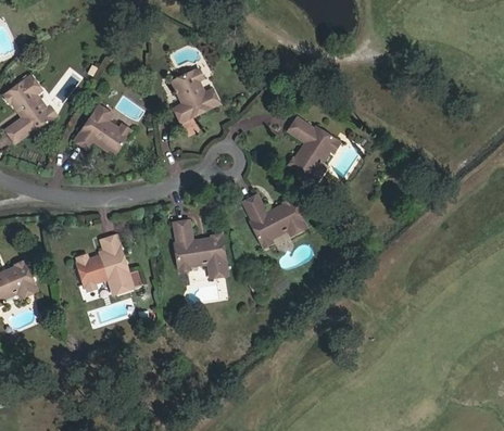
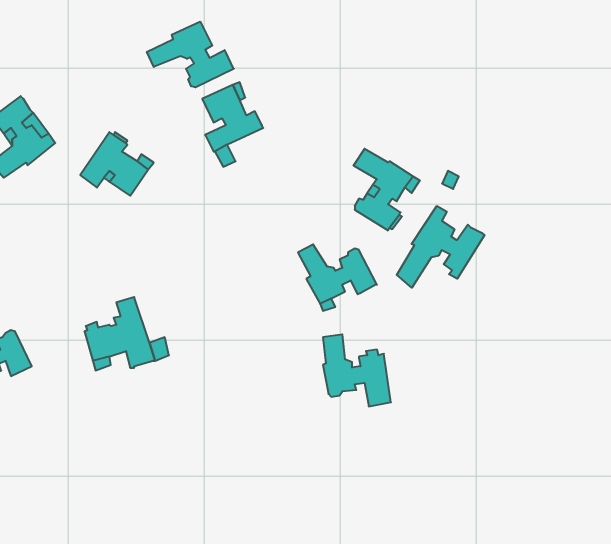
building: none -> [147,22,234,87]
building: none -> [397,206,485,288]
building: [175,220,228,277] -> [323,334,391,406]

